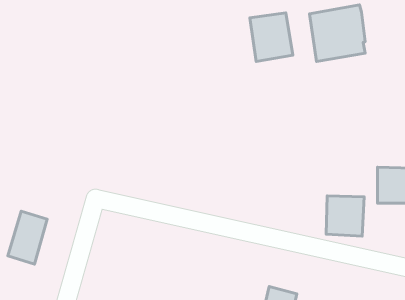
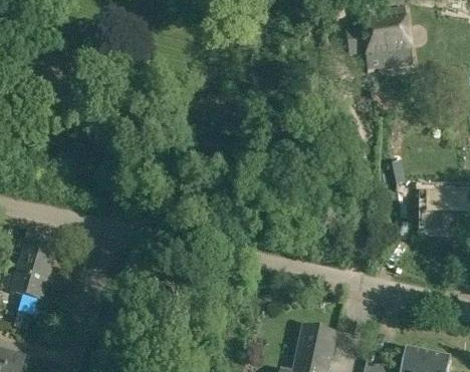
building: [250,13,293,61] -> none
building: [326,196,364,236] -> none

